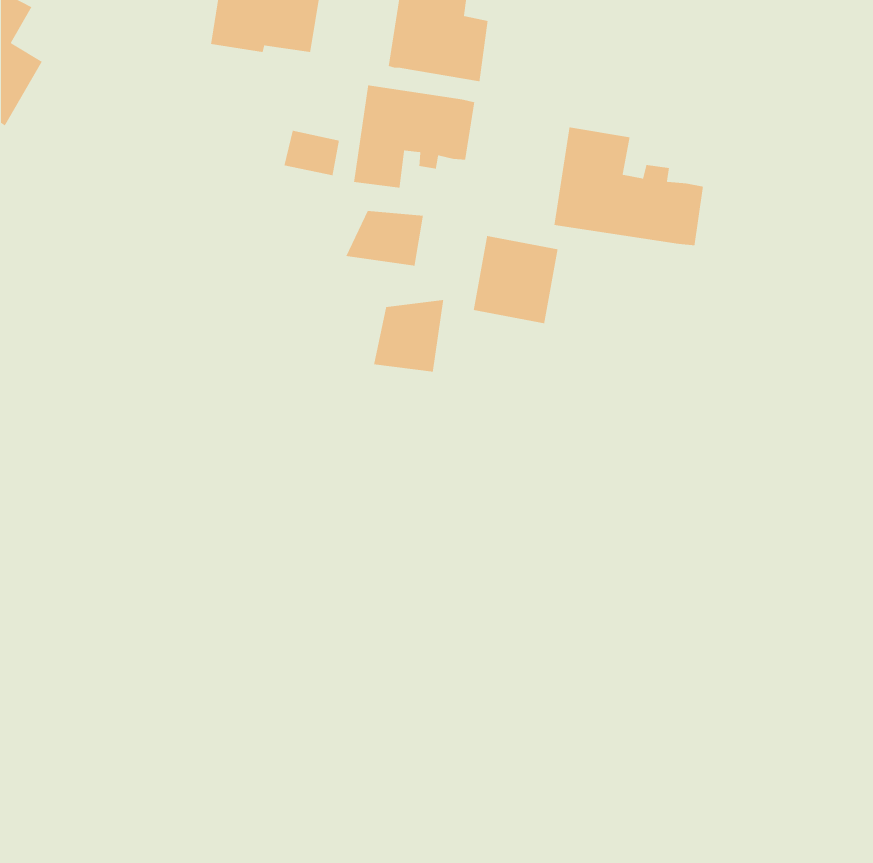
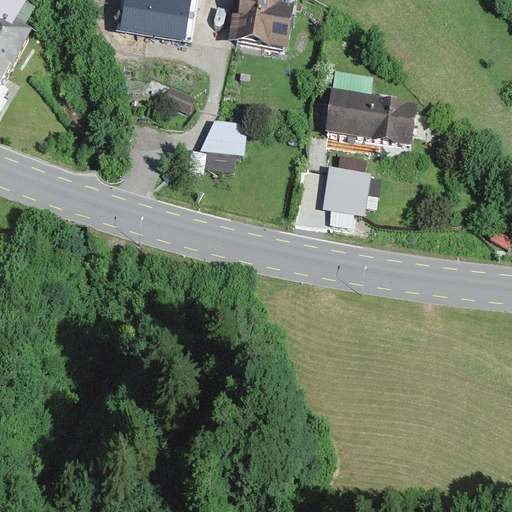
building: [353,85,475,189] -> none
building: [473,235,558,324] -> [324,166,374,218]
building: [373,299,444,372] -> none

